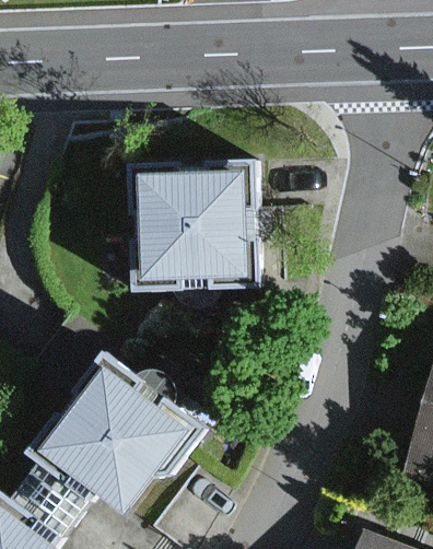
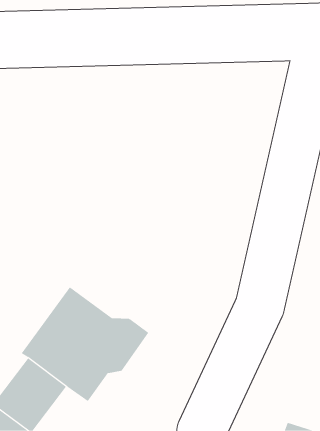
building: [130,166,246,274] -> none

